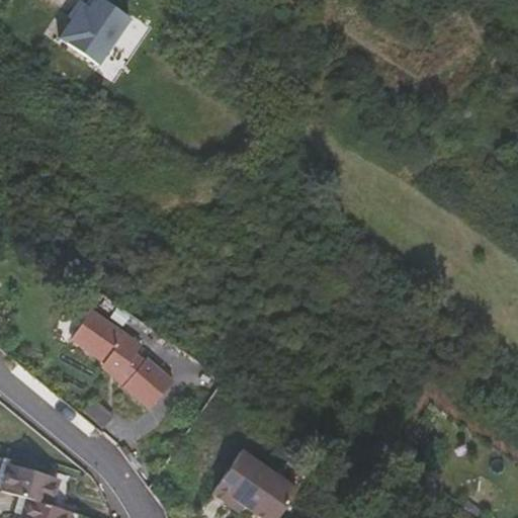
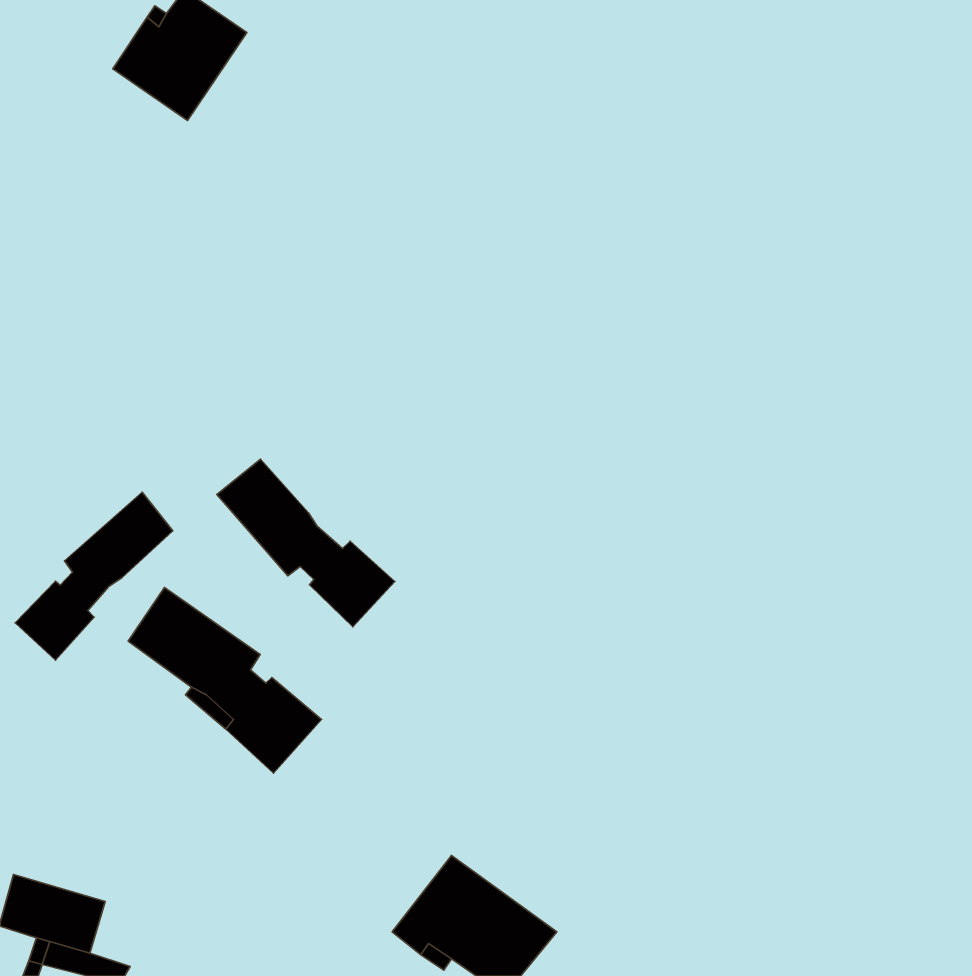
building: none -> [217,459,395,627]
building: none -> [15,492,173,660]

